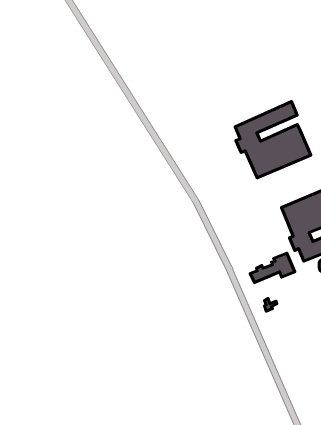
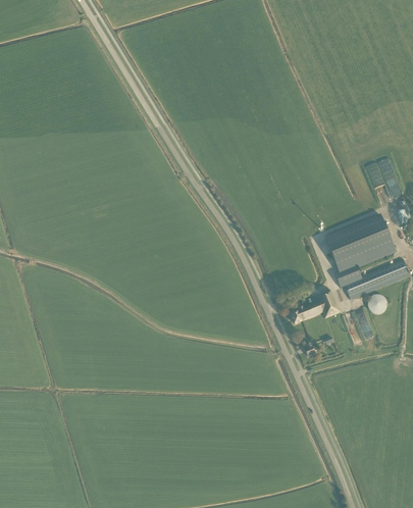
building: [235,101,311,178] -> none

